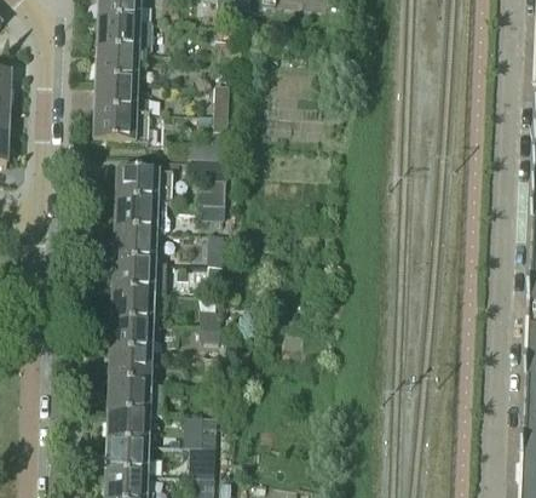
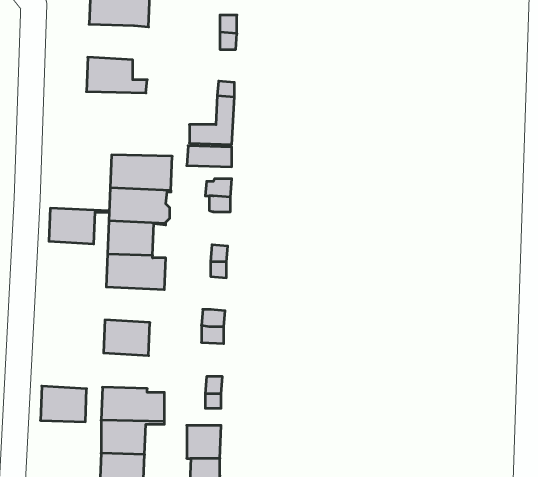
building: [96,44,138,76] -> none
building: [94,105,150,138] -> none
building: [111,285,166,317] -> [49,208,108,244]
building: [109,345,151,378] -> [40,386,87,422]

